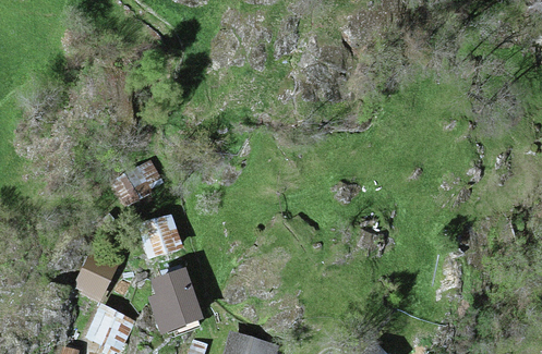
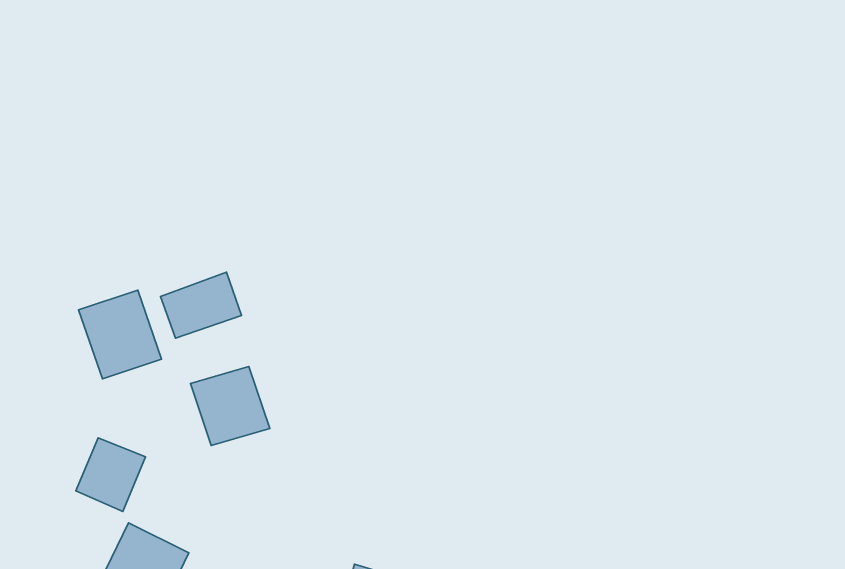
building: none -> [78,290,162,379]
building: [152,267,200,325] -> none

